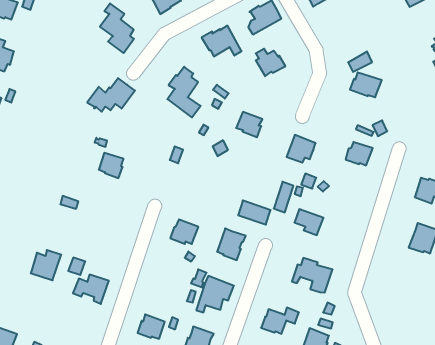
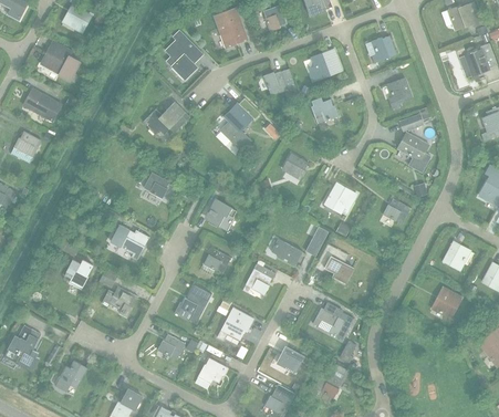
building: none -> [386,79,412,110]
building: none -> [206,199,235,230]
building: none -> [110,223,149,260]
building: none -> [178,283,210,322]

